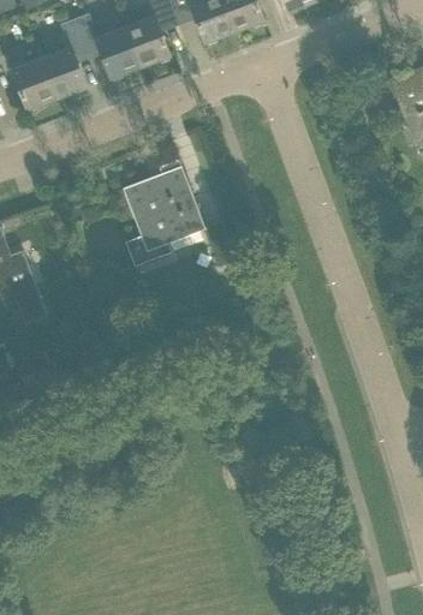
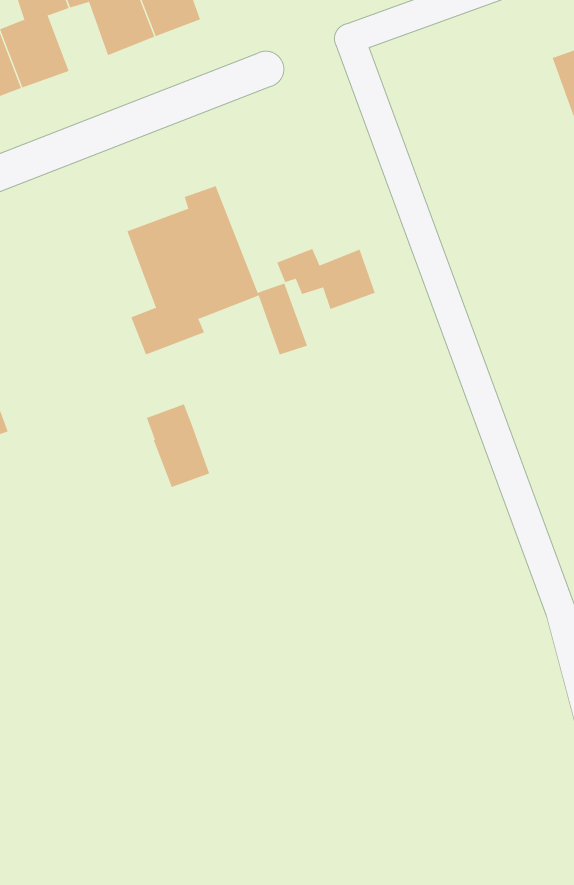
building: none -> [277,248,375,310]
building: none -> [146,404,210,488]

